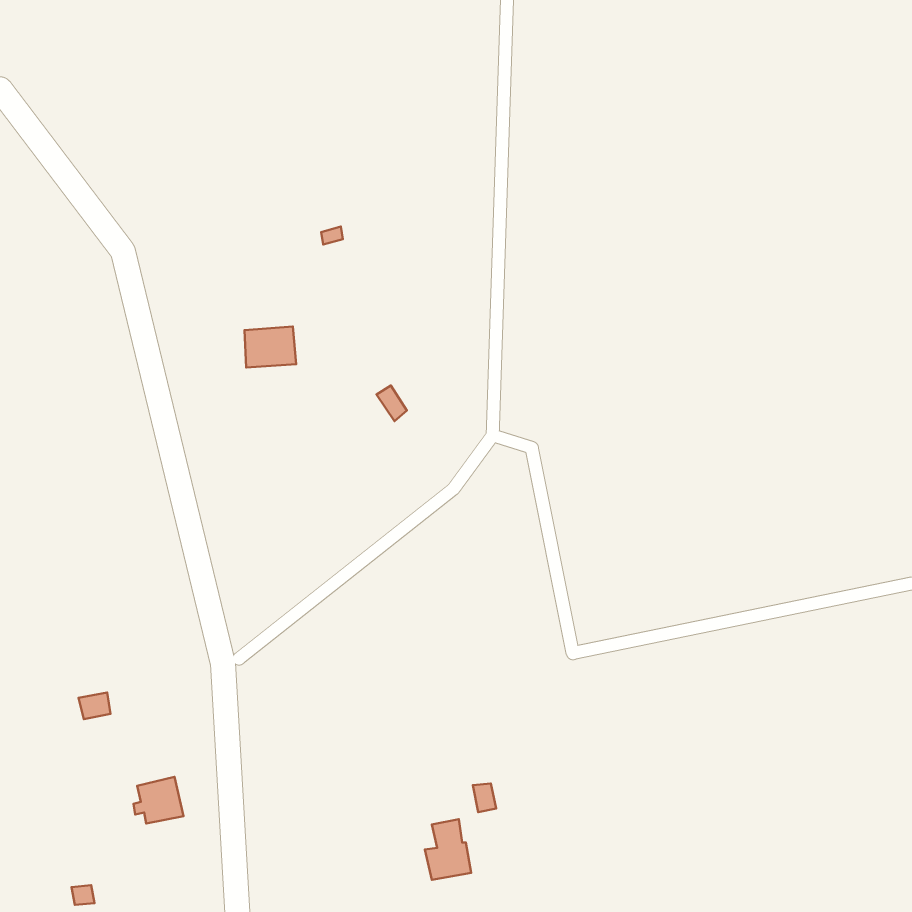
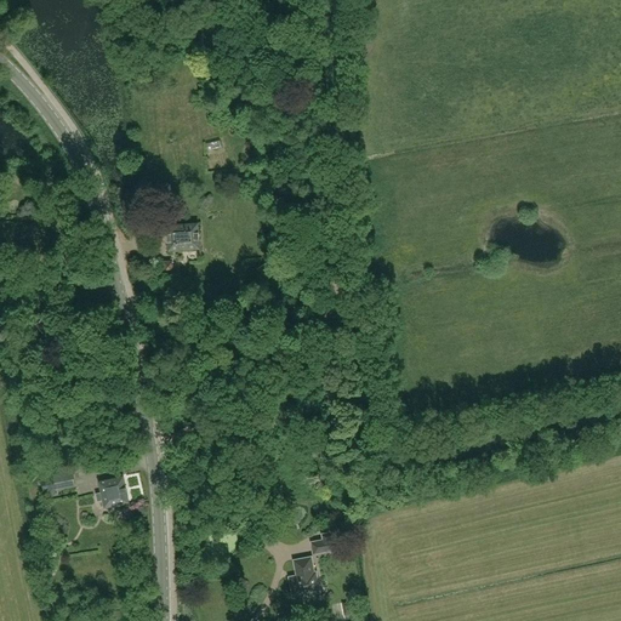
building: [134,777,184,823] -> [96,475,130,507]

